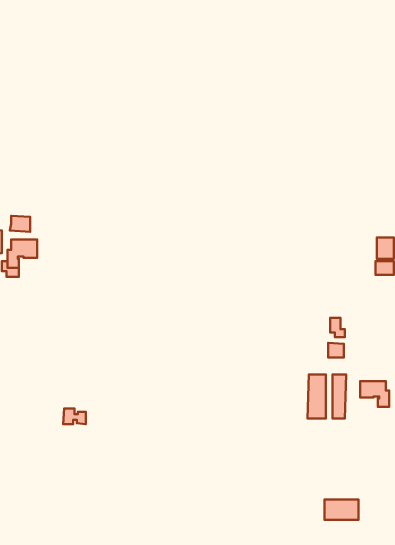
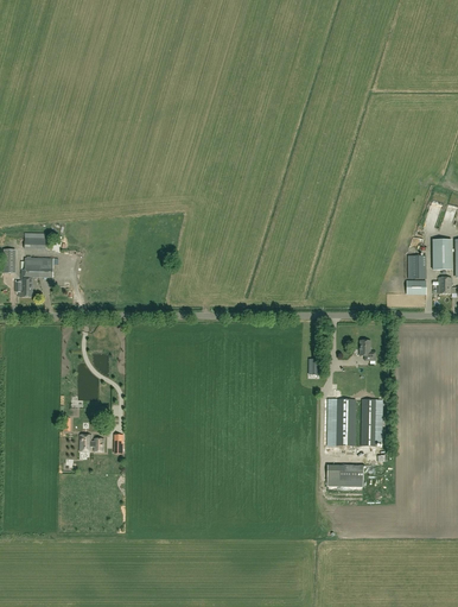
building: [360,381,389,407] -> none
building: [325,499,358,520] -> [327,463,363,485]

